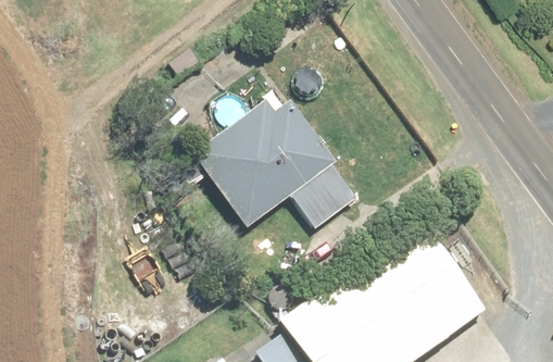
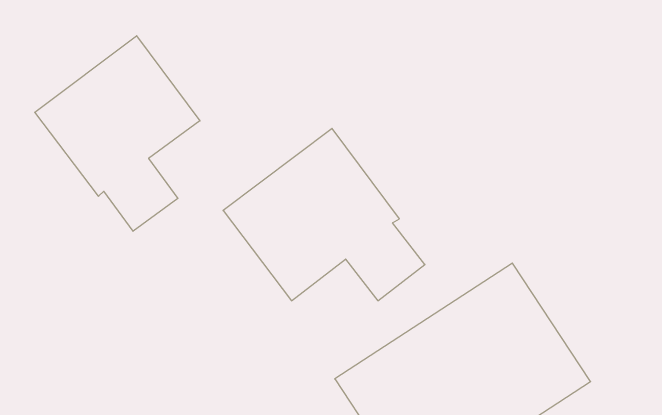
building: none -> [35,36,200,231]

